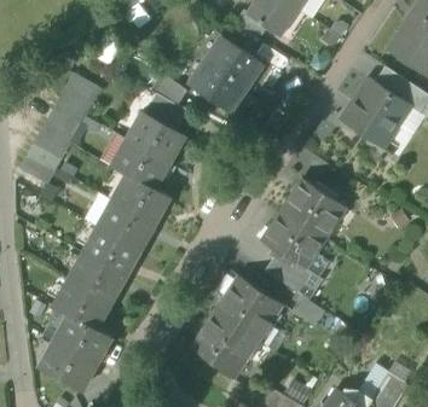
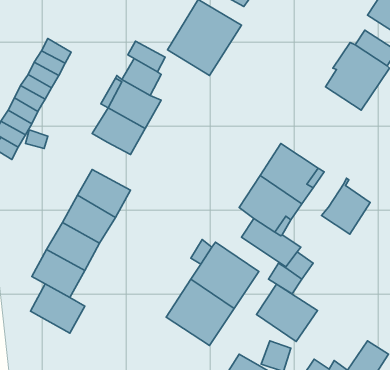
building: [118,176,170,223] -> none
building: none -> [322,178,370,234]
building: none -> [257,284,318,342]
building: [41,342,97,394] -> none

